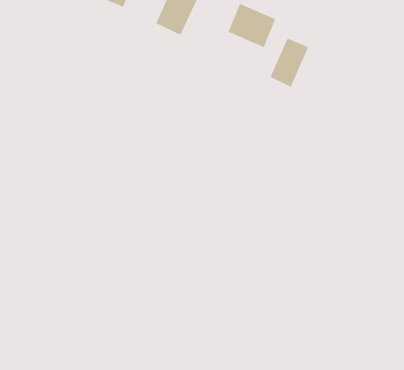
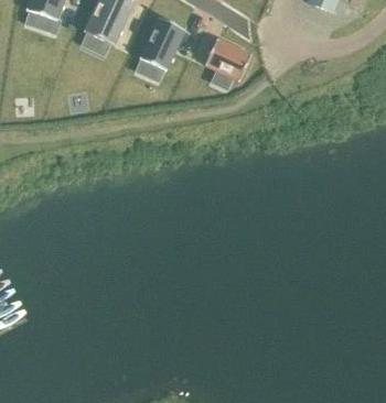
building: [269,38,309,88] -> none

